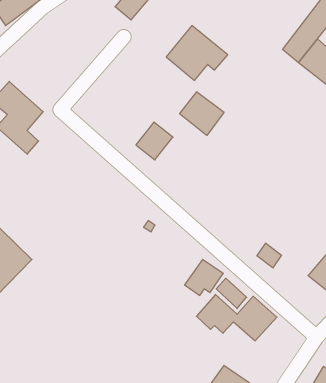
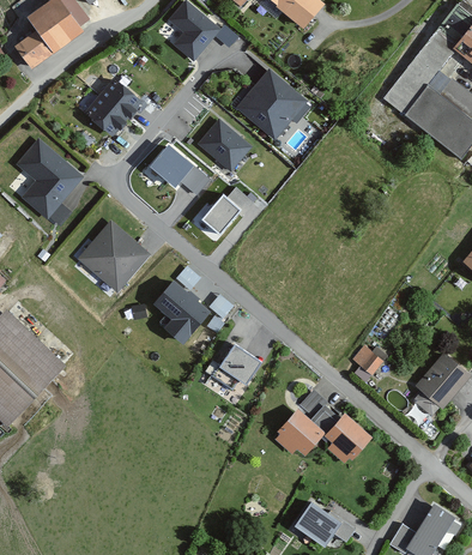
building: none -> [81,78,141,138]
building: none -> [146,140,195,189]
building: [180,92,224,135] -> [194,117,250,173]
building: none -> [77,217,152,291]
building: none -> [155,278,211,344]
building: [185,259,223,295] -> [212,343,261,388]

